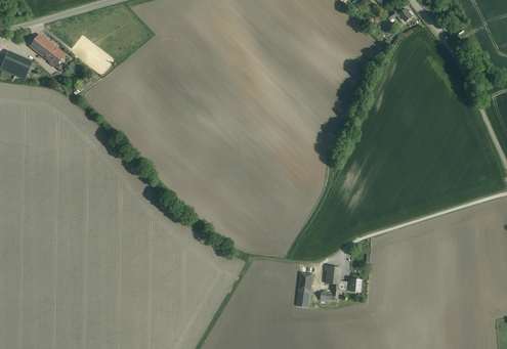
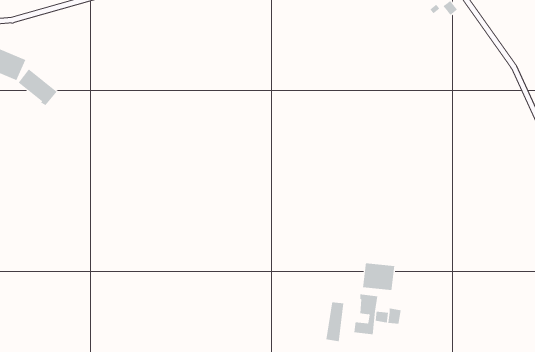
building: [30,34,65,67] -> [18,69,58,106]
building: none -> [362,262,395,291]

